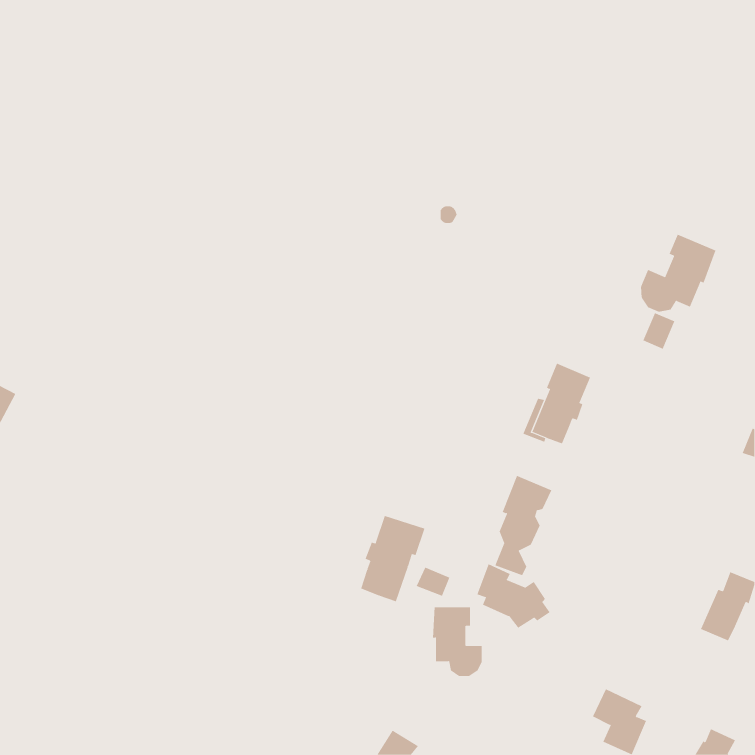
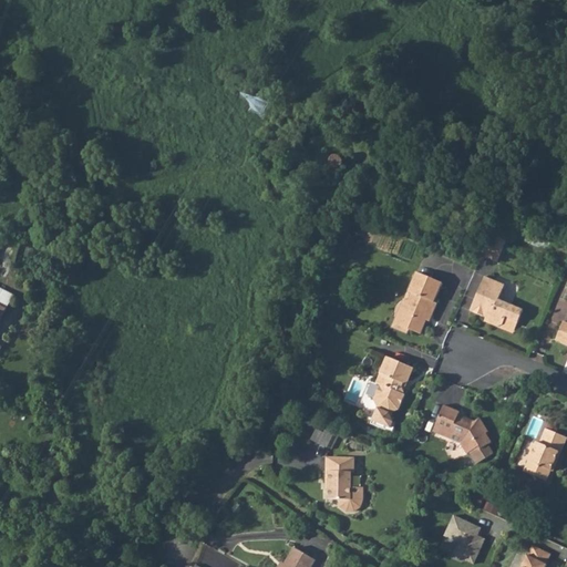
building: [641,234,716,313] -> none
building: none -> [471,276,523,330]
building: [360,515,425,602] -> none
building: [476,563,550,629] -> [434,404,489,453]

